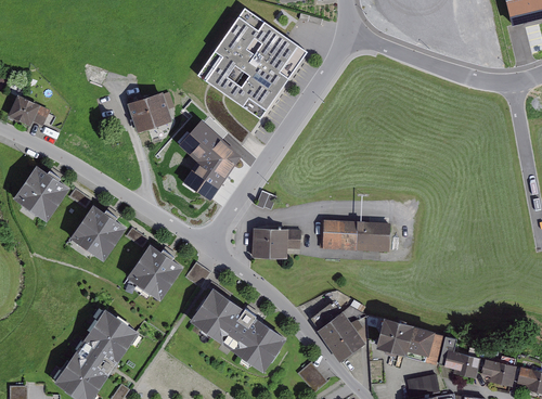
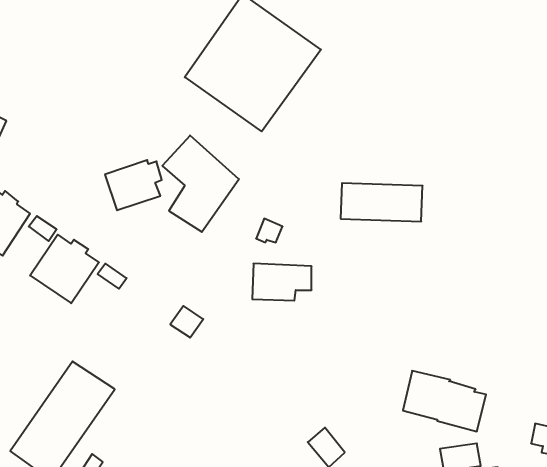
building: [127,91,173,132] -> [105,160,162,210]
building: [322,220,389,252] -> [341,183,423,221]
building: [126,243,183,300] -> none
building: [189,286,286,372] -> none
building: [310,303,365,363] -> none
building: [438,335,480,378] -> none

